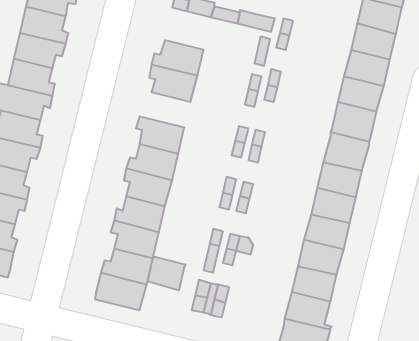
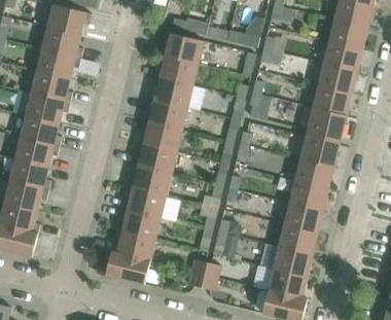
building: none -> [163,32,204,63]
building: none -> [144,99,187,129]
building: [148,257,185,290] -> none

